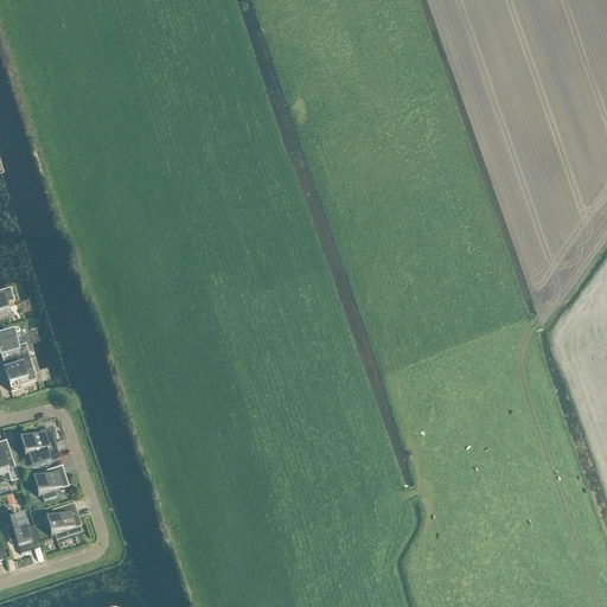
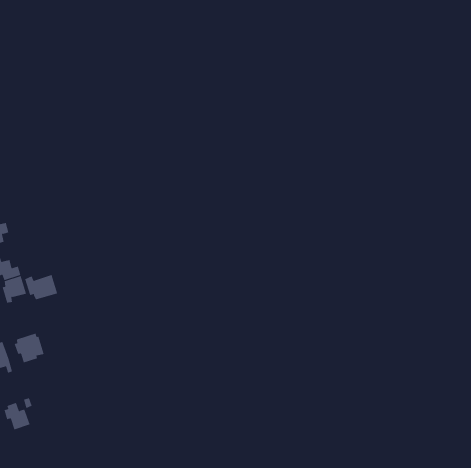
building: none -> [25,274,58,300]
building: [31,462,66,498] -> none
building: [44,499,79,536] -> none

